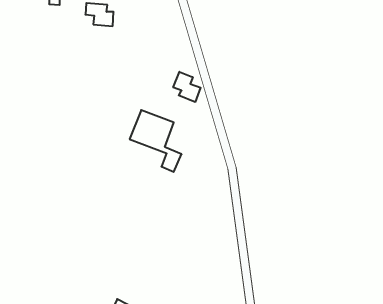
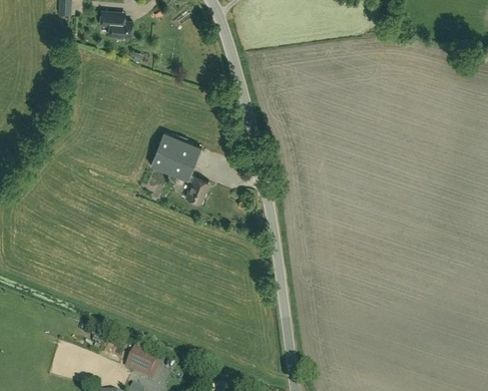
building: [173,72,201,102] -> none

